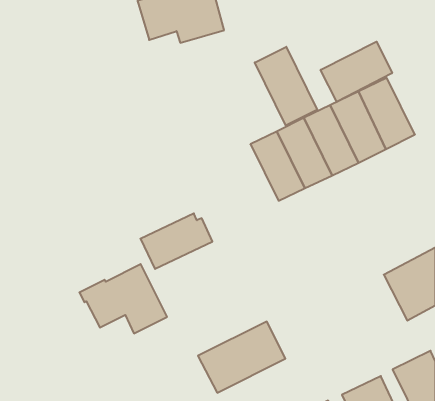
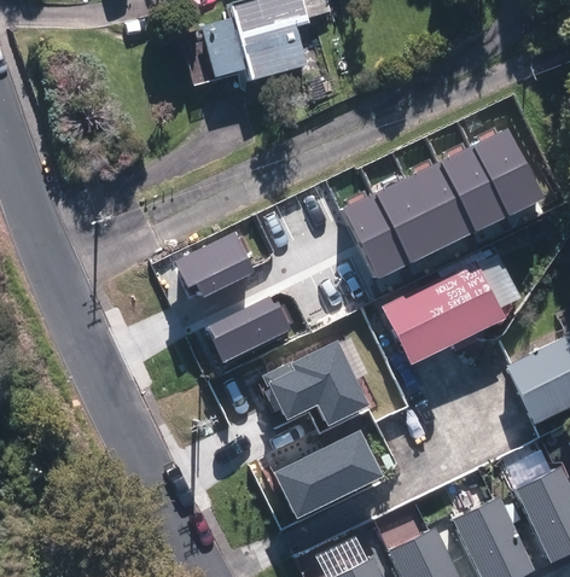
building: [321,42,392,102] -> none
building: [255,47,317,126] -> none
building: none -> [174,231,256,297]
building: none -> [382,263,505,366]
building: [79,264,167,333] -> [262,338,371,424]

